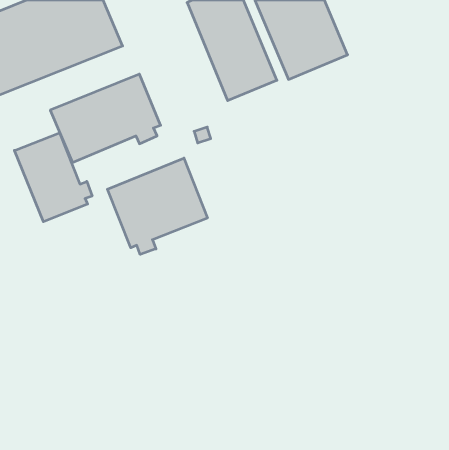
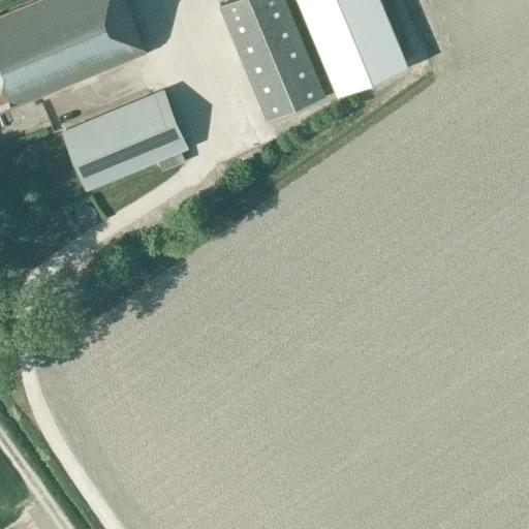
building: [14,133,92,222] -> none
building: [107,158,207,254] -> none

